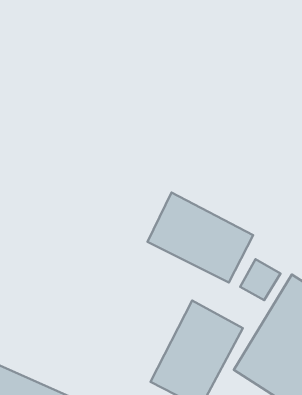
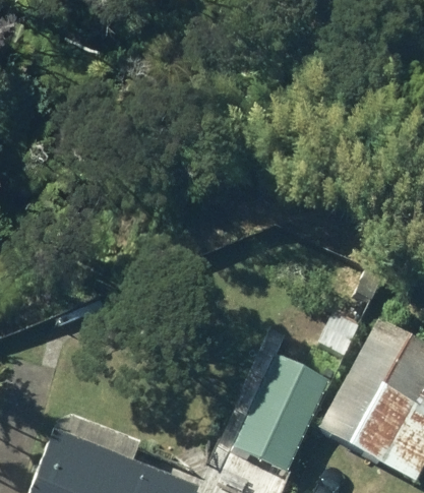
building: [148,193,253,283] -> none

